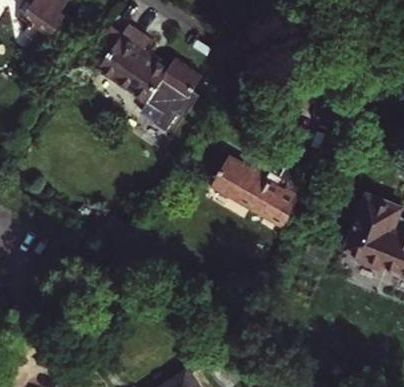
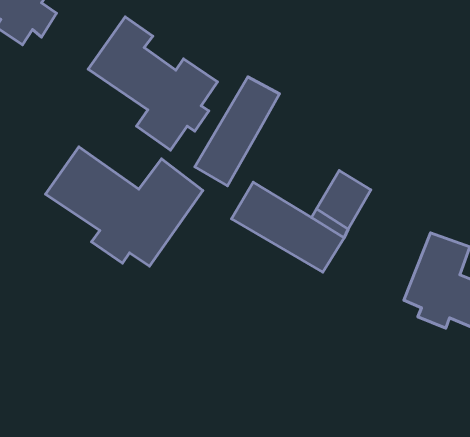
building: none -> [195,77,279,186]
building: none -> [46,147,203,266]

